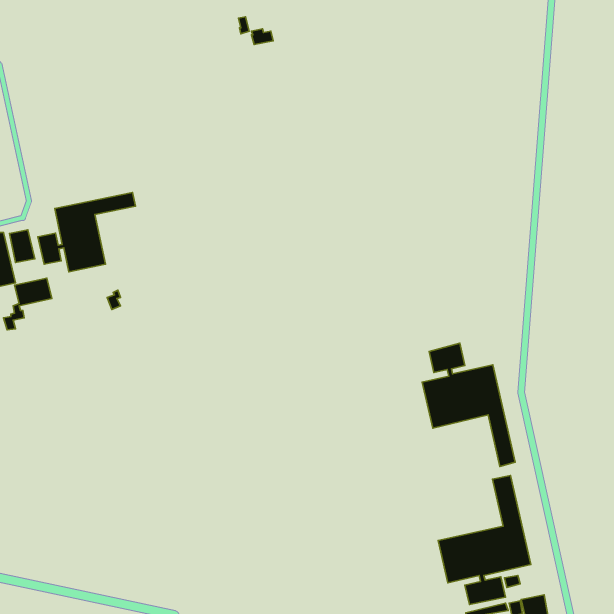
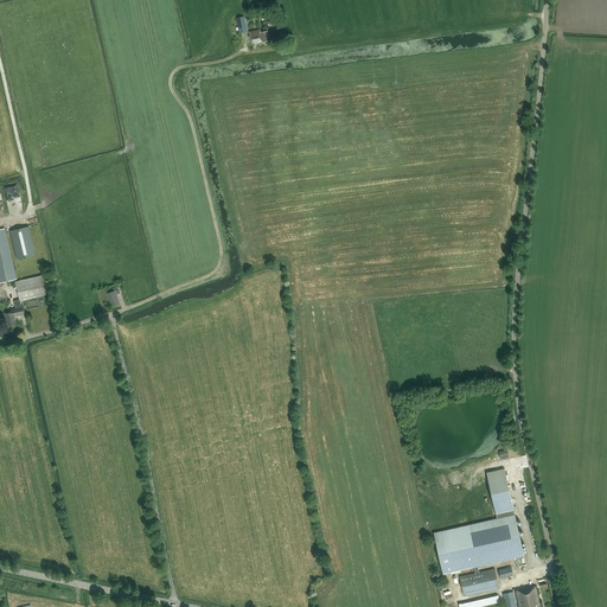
building: [38,192,136,272] -> none
building: [422,343,515,466] -> none

